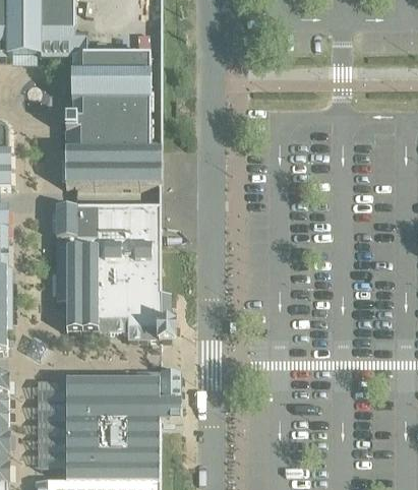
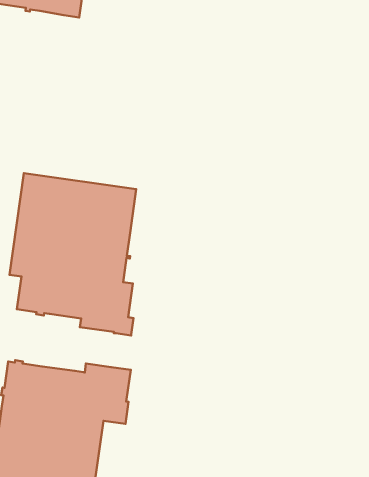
building: [64,54,161,184] -> none

